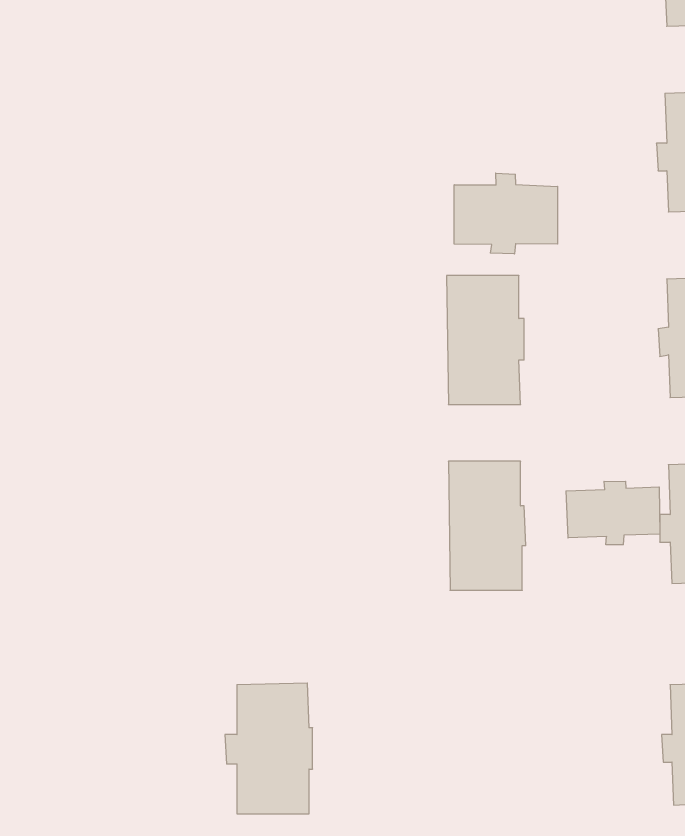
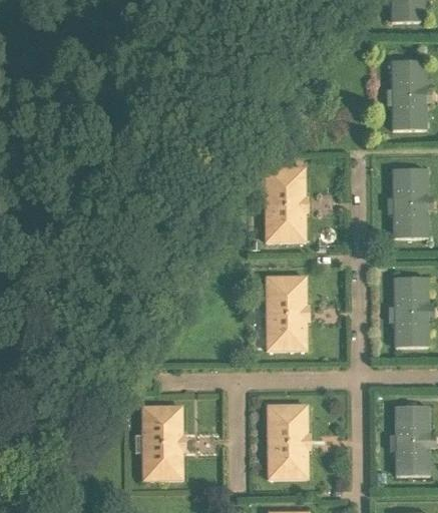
building: [454,173,558,254] -> none
building: [566,481,660,545] -> none
building: none -> [266,404,311,479]

